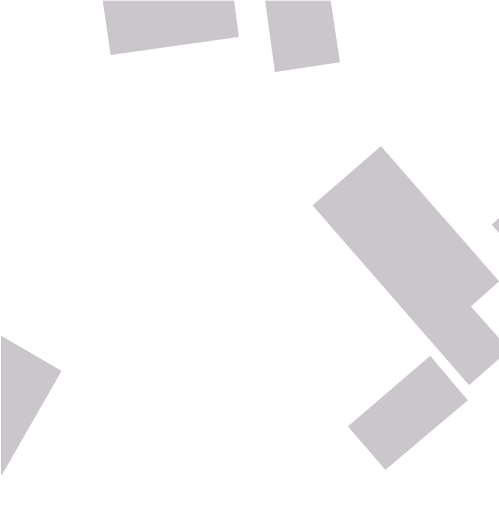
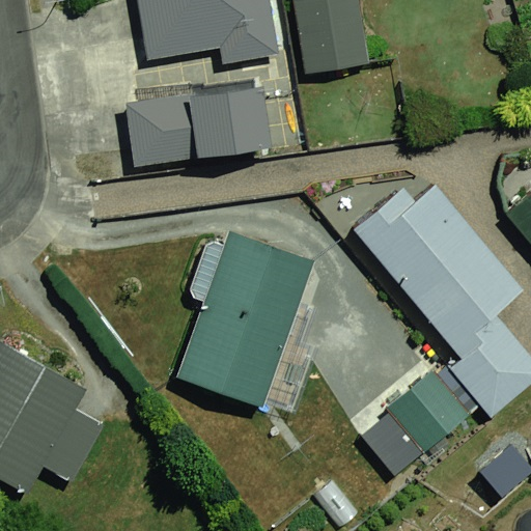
building: none -> [116,77,264,167]
building: none -> [164,229,302,403]

